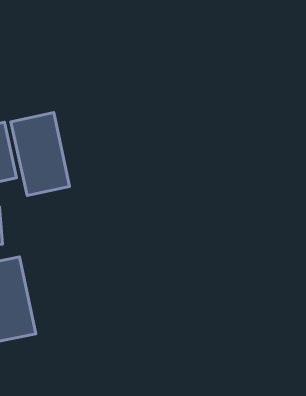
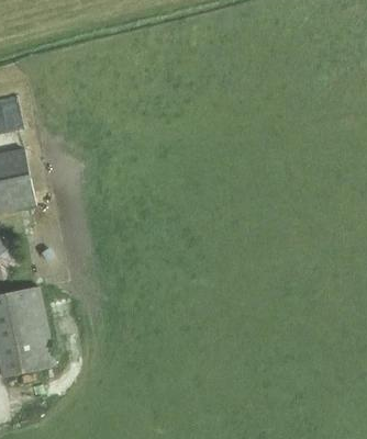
building: [11,112,69,195] -> none

